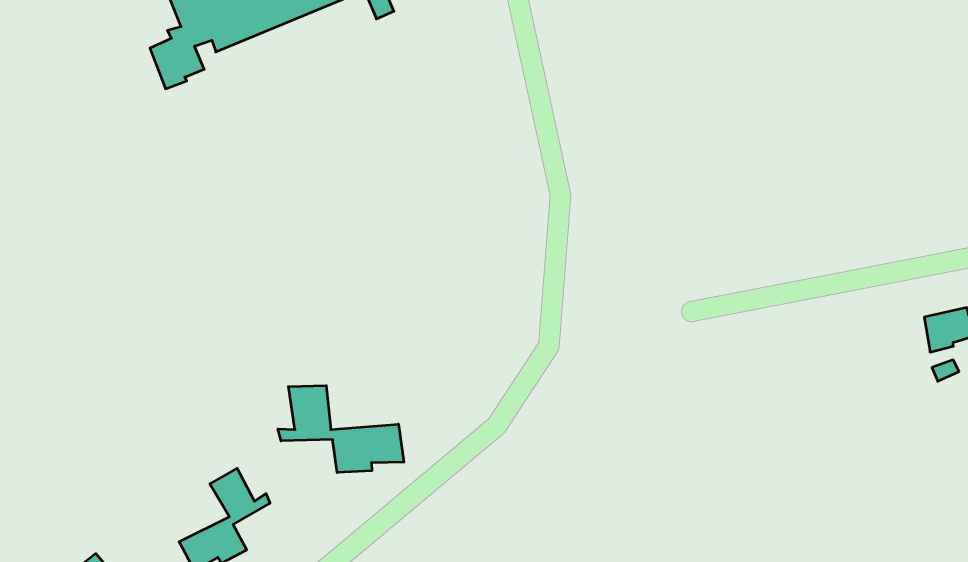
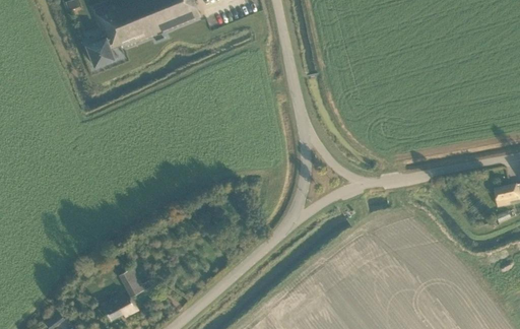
building: [278,386,404,473] -> none

